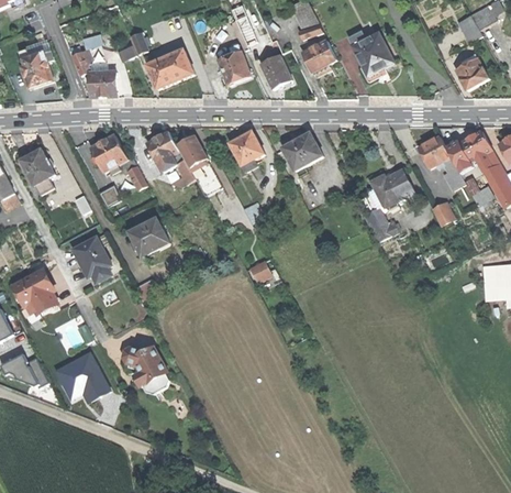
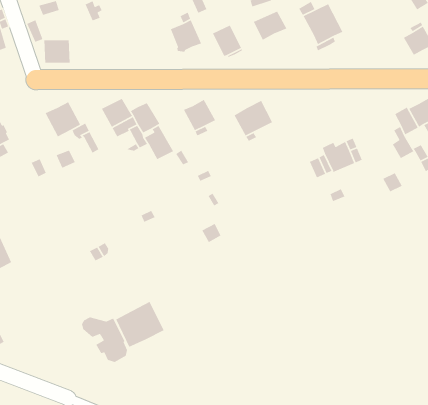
building: [145,48,192,88] -> none
building: [419,138,452,171] -> none
building: [129,217,168,254] -> none
building: [71,235,109,282] -> none
building: none -> [115,301,165,348]
building: [56,350,110,397] -> none

